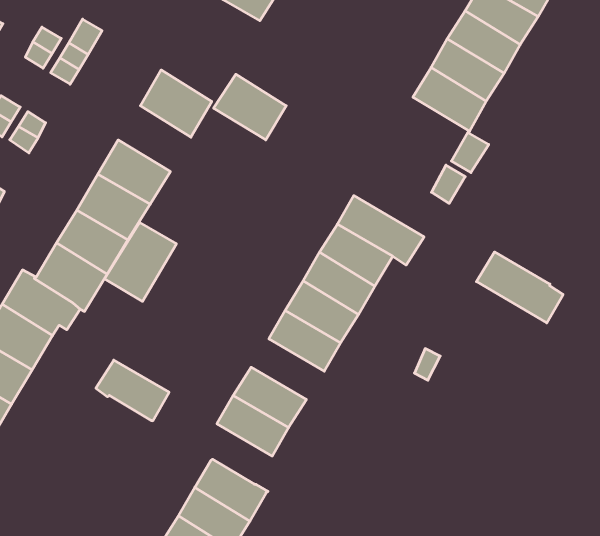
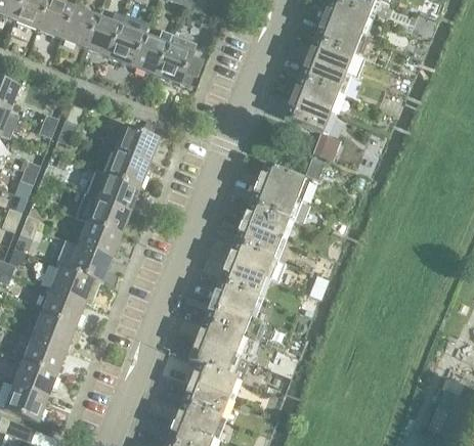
building: [214,74,286,140] -> [105,149,150,187]
building: [105,223,176,301] -> none
building: [476,252,563,323] -> [258,163,313,202]
building: none -> [212,281,258,315]
building: [96,360,169,421] -> [188,340,234,373]

